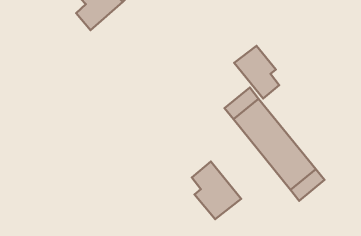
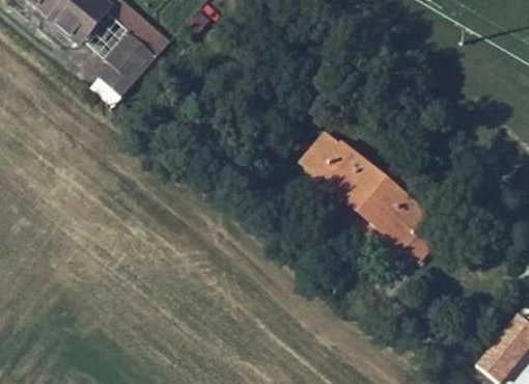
building: [234,46,279,99] -> none
building: [192,162,241,219] -> none

